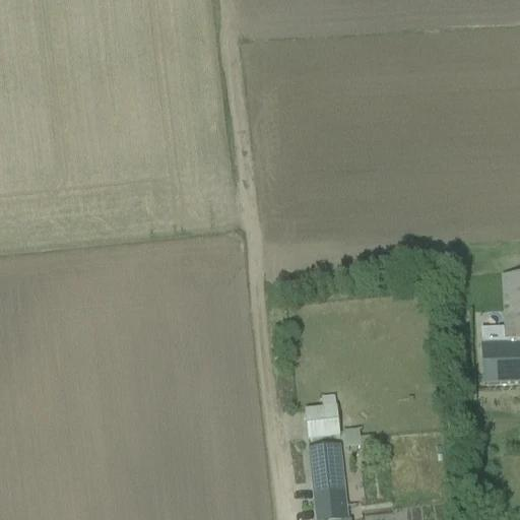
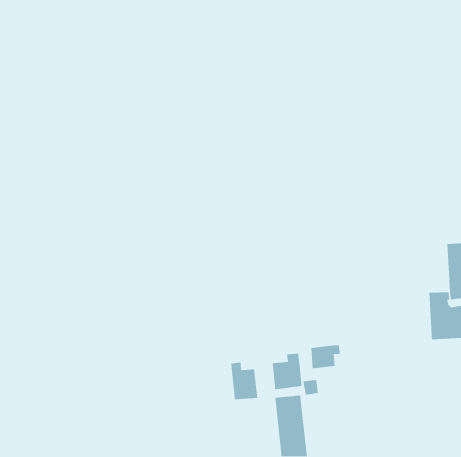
building: none -> [310,344,341,369]
building: none -> [231,362,258,400]

